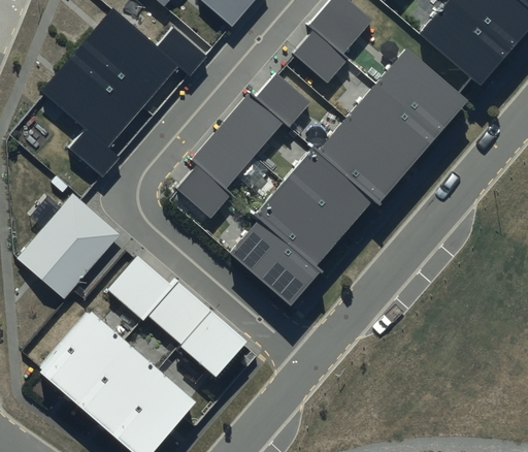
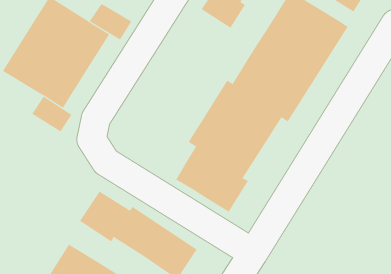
building: [176,72,309,218] -> none
building: [18,193,120,298] -> none

